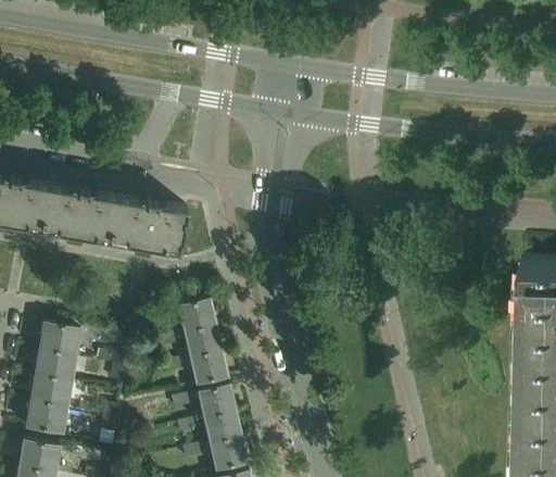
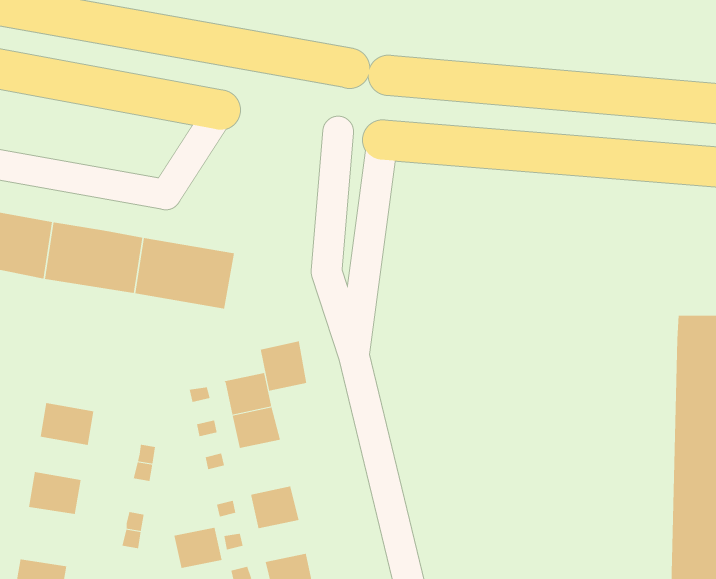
building: none -> [260,340,307,391]
building: [35,349,76,381] -> none
building: [190,351,227,385] -> none
building: [26,402,66,434] -> none
building: [204,412,241,443] -> [174,527,222,569]

